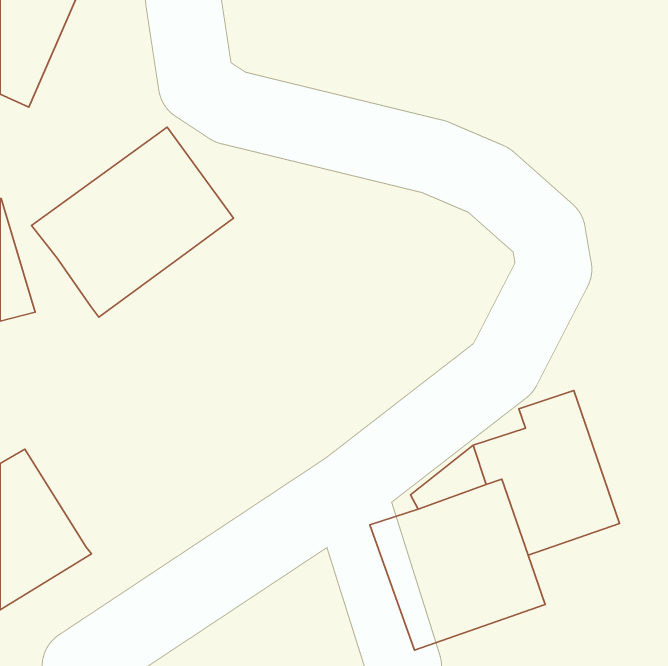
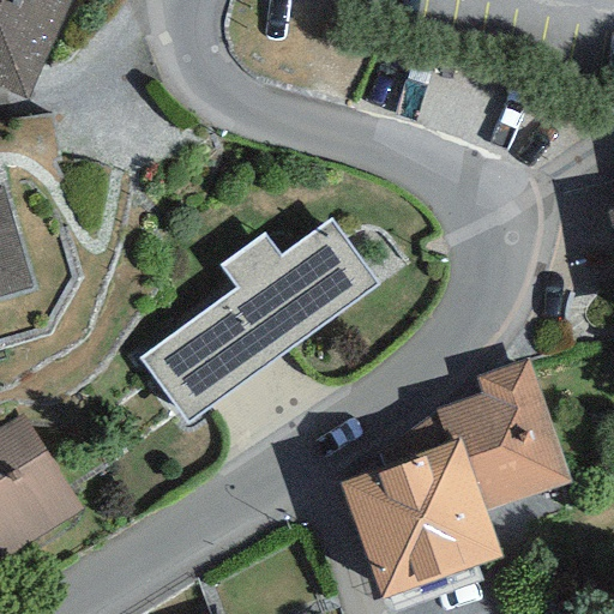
building: [32,127,233,317] -> none
building: none -> [139,218,378,423]

